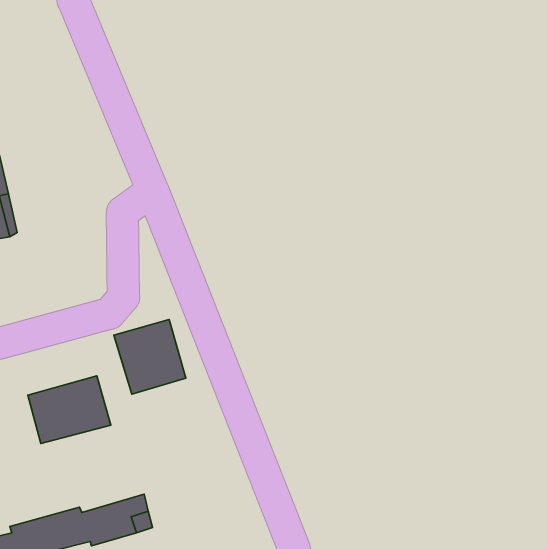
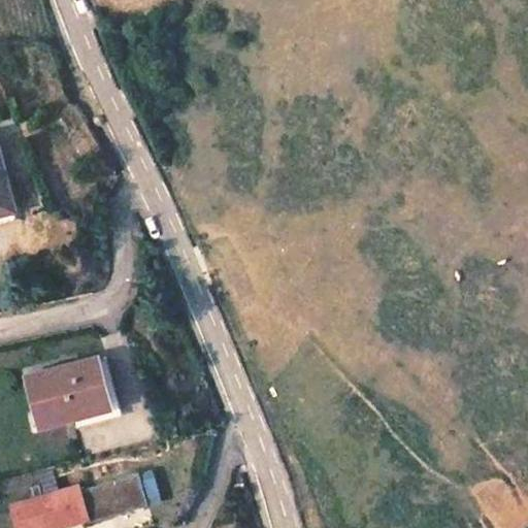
building: [114,319,186,394] -> none

